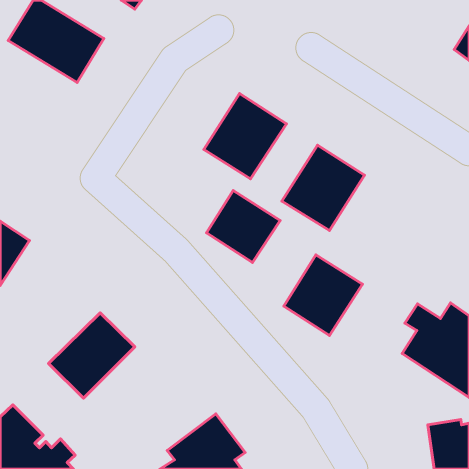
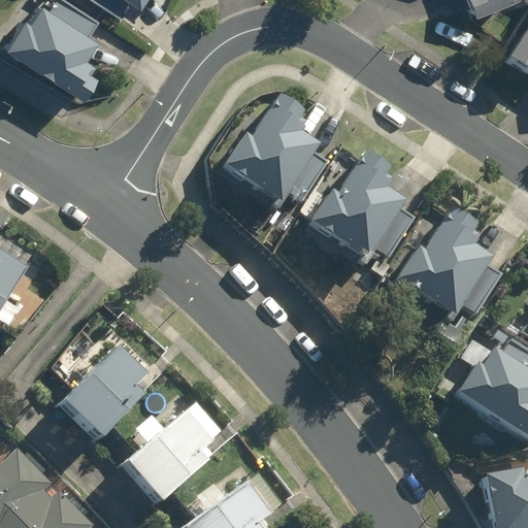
building: [207,191,280,263] -> none
building: [284,255,363,335] -> [405,216,494,306]
building: none -> [114,406,224,510]

